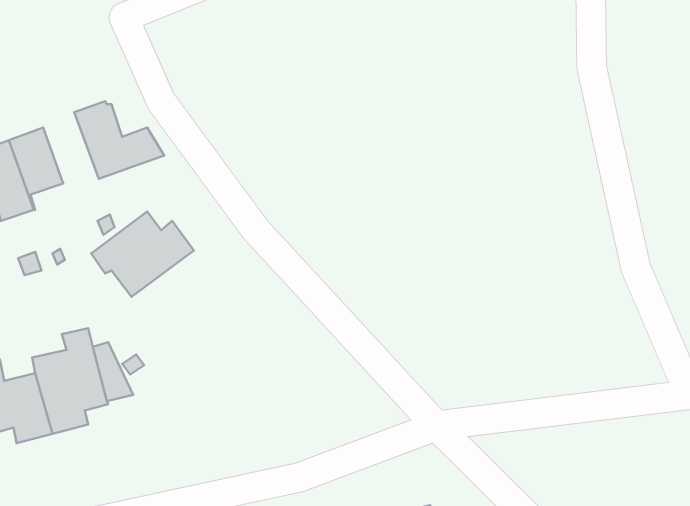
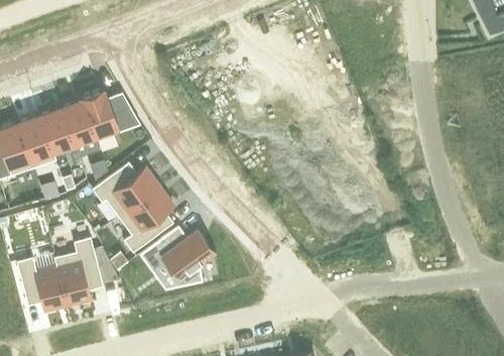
building: none -> [61,97,98,143]
building: none -> [119,187,174,252]
building: none -> [140,229,217,285]

